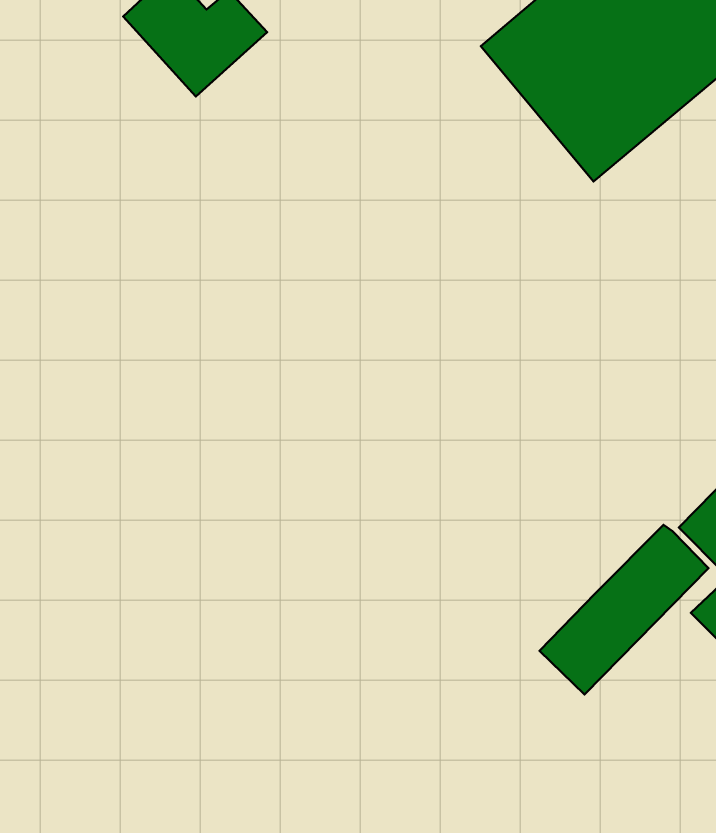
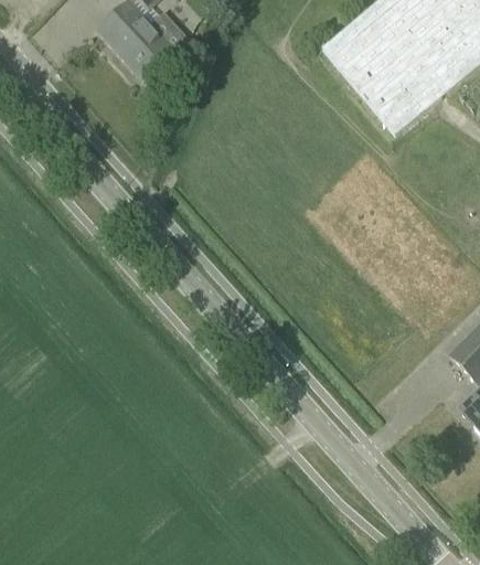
building: [540,525,709,695] -> none

